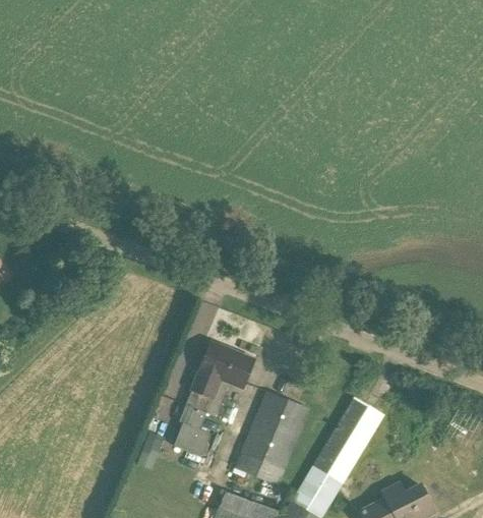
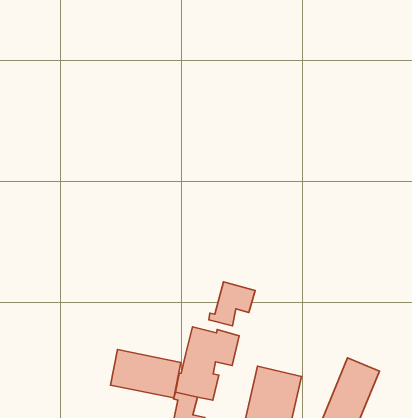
building: none -> [209,282,255,326]
building: none -> [110,350,181,398]

